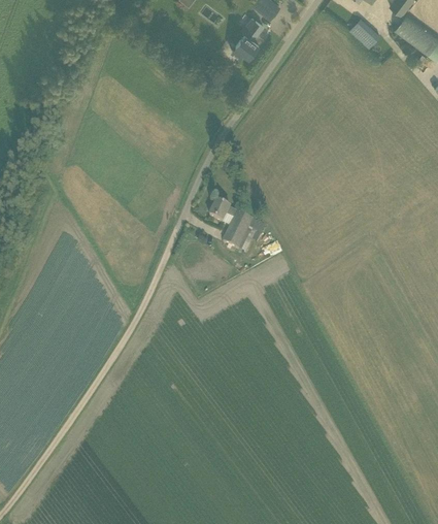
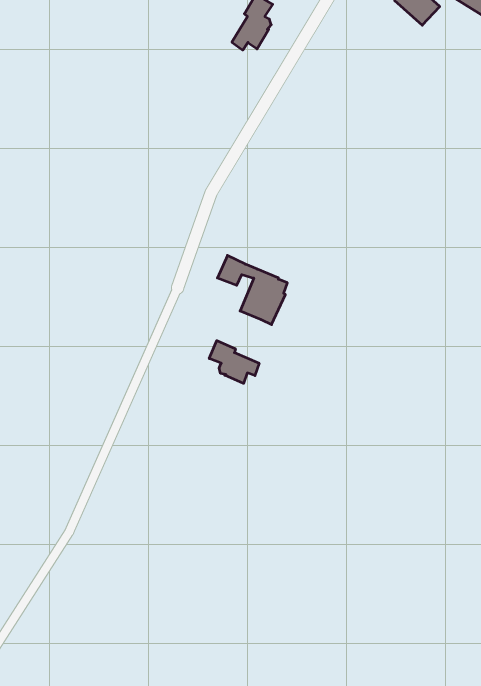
building: none -> [209,341,259,383]

